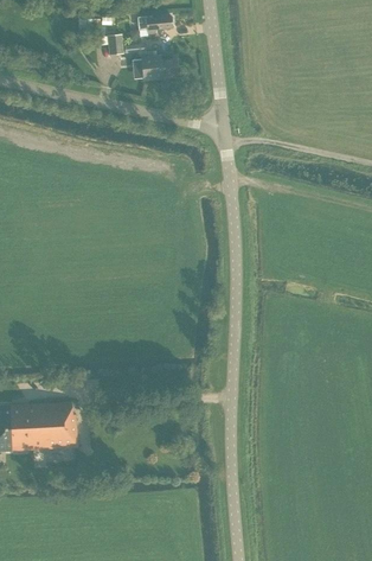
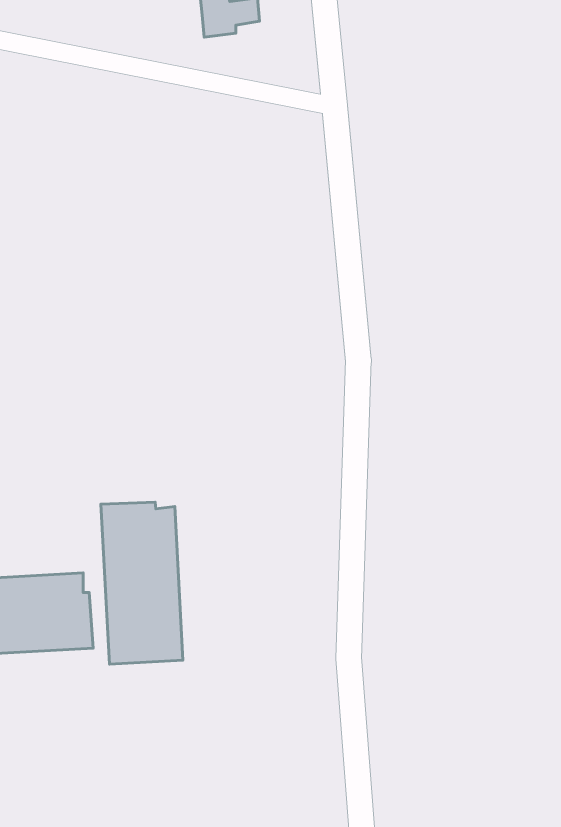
building: none -> [101,502,183,664]

